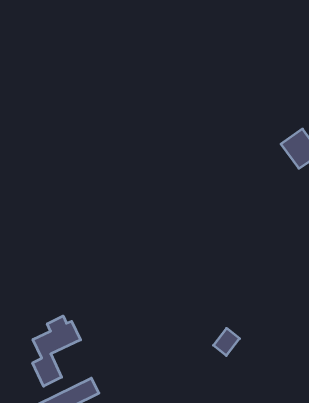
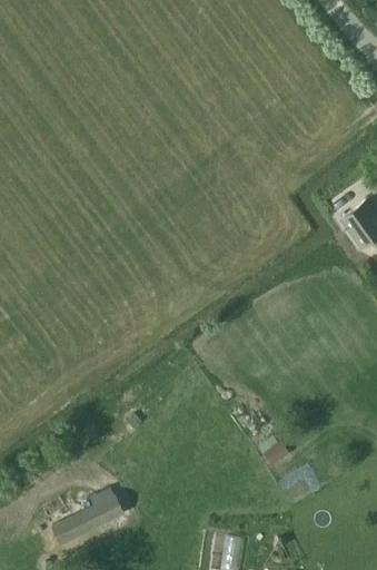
building: [33,316,81,386] -> none

